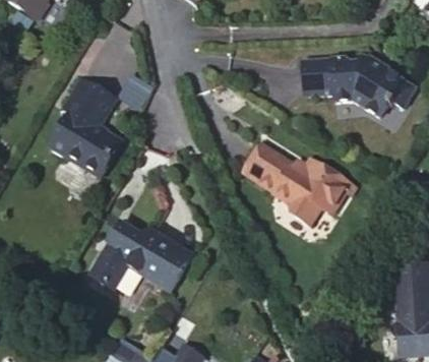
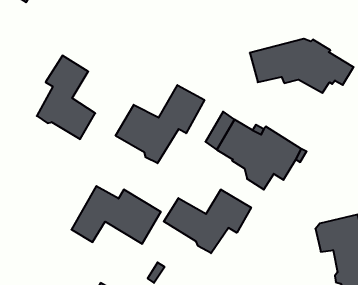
building: none -> [116,85,204,163]
building: none -> [164,189,251,253]

